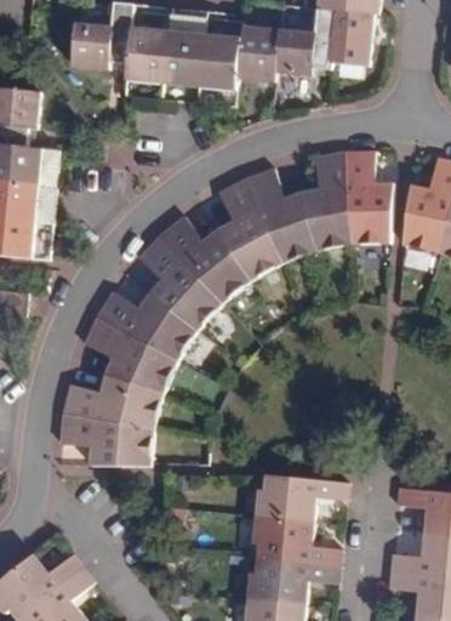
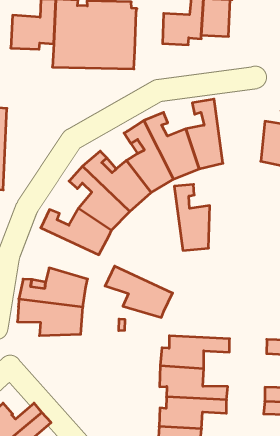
building: [239,27,281,85] -> none
building: [344,150,392,240] -> [174,184,210,250]
building: [82,315,175,389] -> [105,266,173,317]

